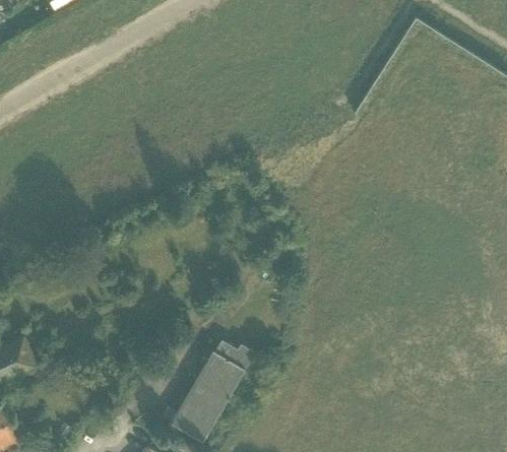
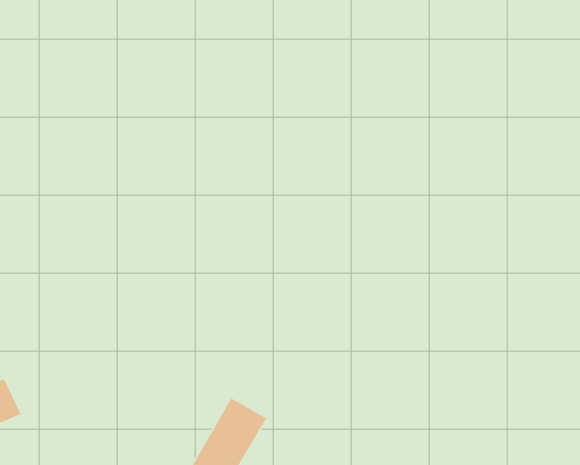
building: [213,342,252,371] -> none

